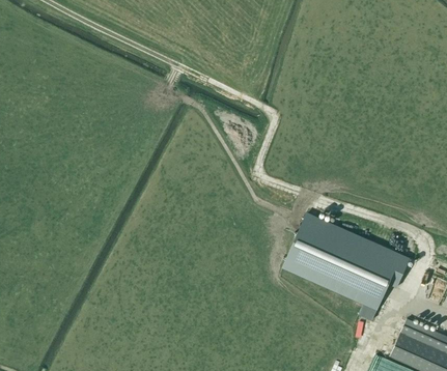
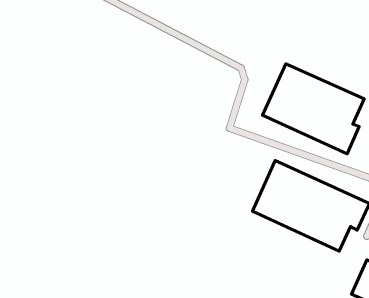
building: none -> [262,64,364,154]

